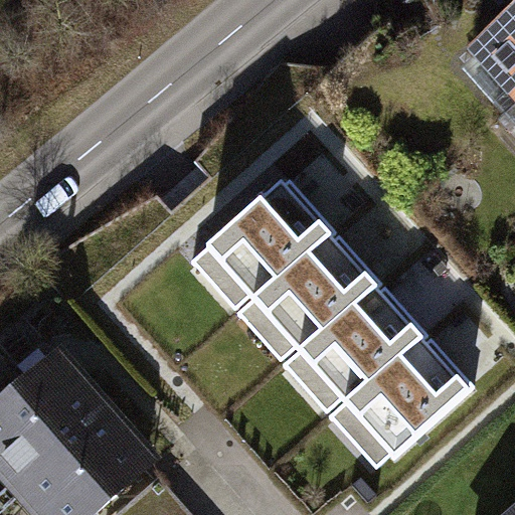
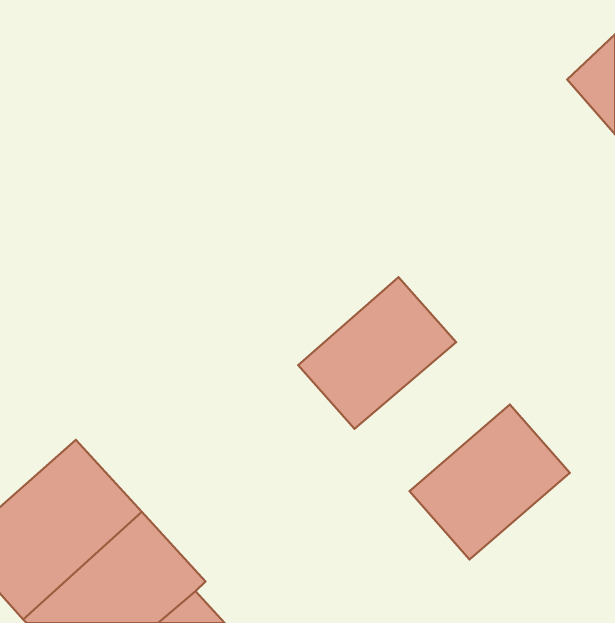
building: [199,175,328,301] -> none
building: [292,282,419,404] -> none

